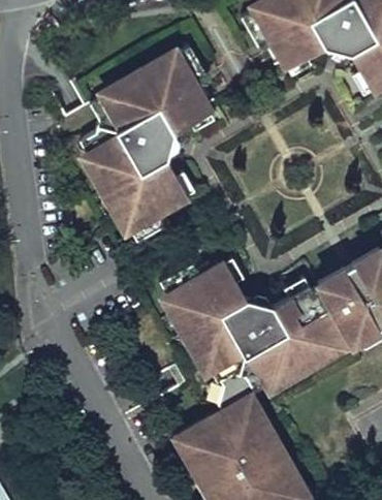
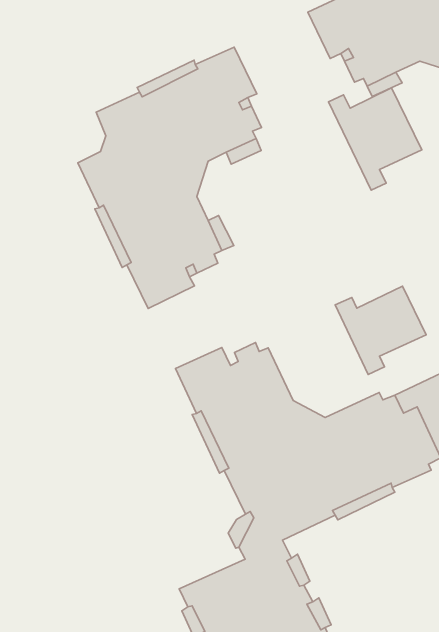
building: none -> [328,88,422,190]
building: none -> [335,286,426,374]

